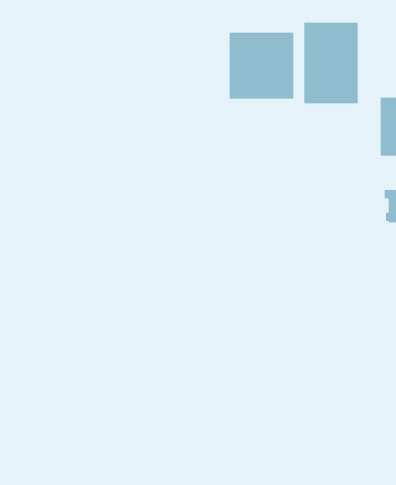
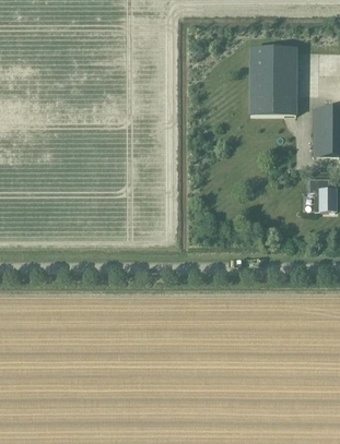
building: [229,32,294,99] -> none

